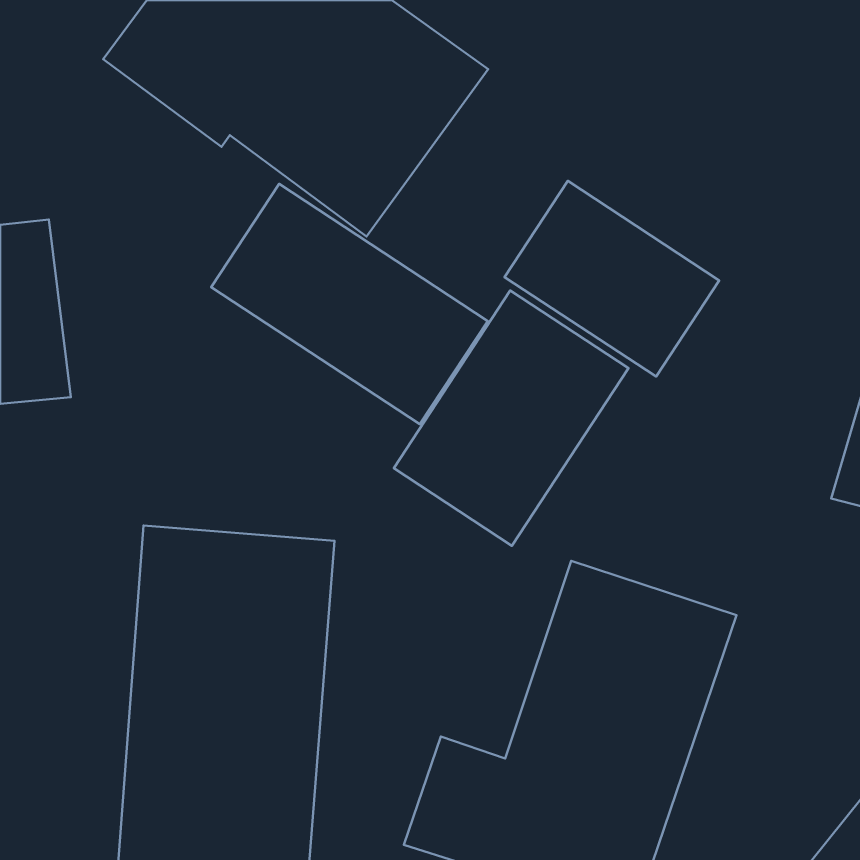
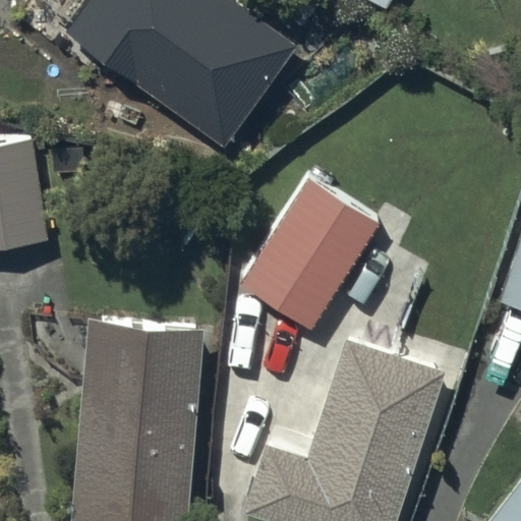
building: [505,181,719,377] -> none
building: [211,184,488,424] -> none

